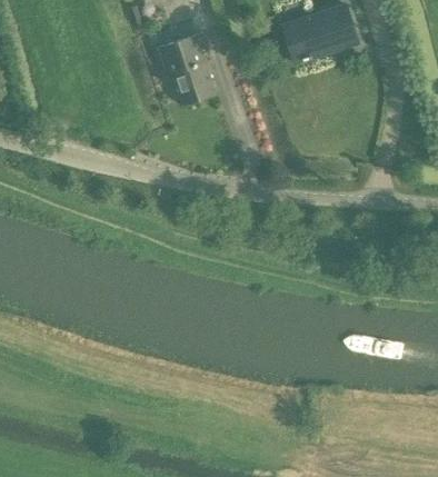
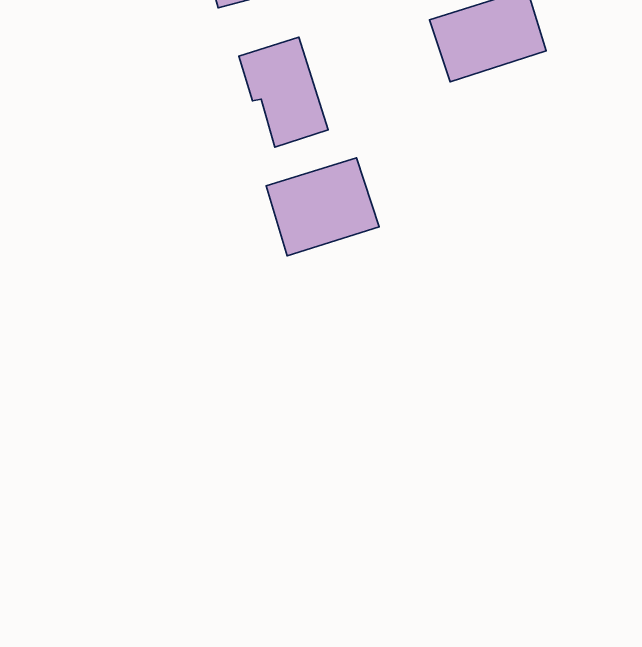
building: none -> [266,158,379,256]

